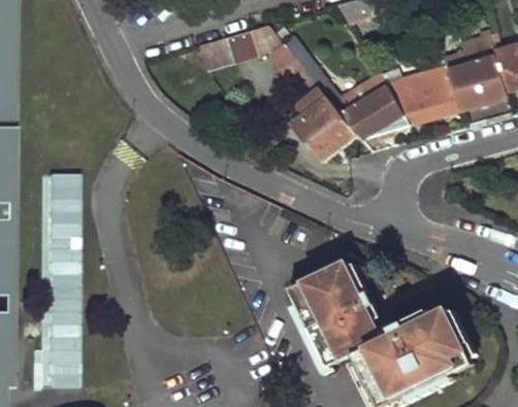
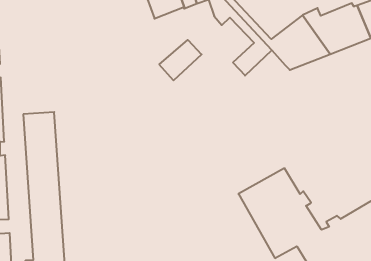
building: none -> [159,40,202,80]
building: [307,116,356,161] -> none

